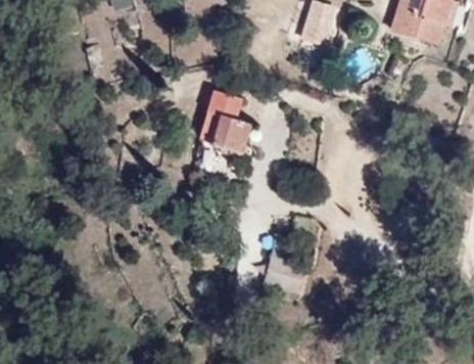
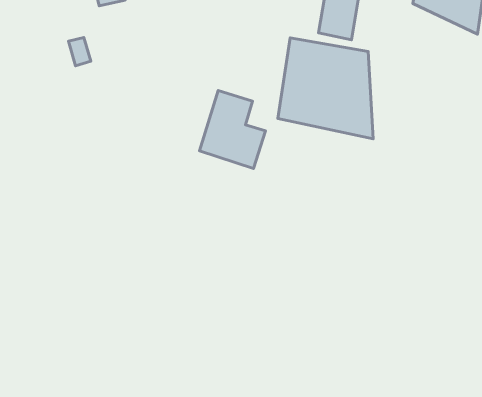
building: none -> [278,38,373,139]

